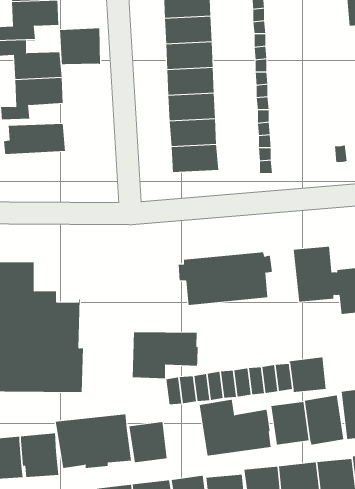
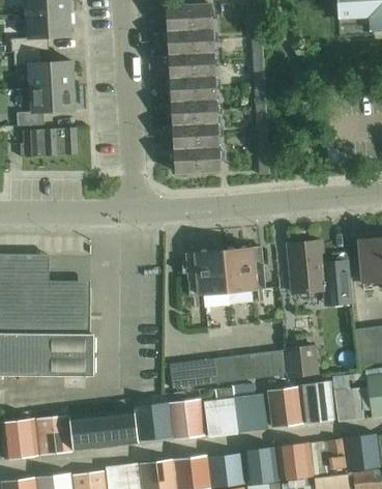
building: [60,28,101,65] -> none
building: [132,332,198,379] -> none
building: none -> [169,400,204,440]

